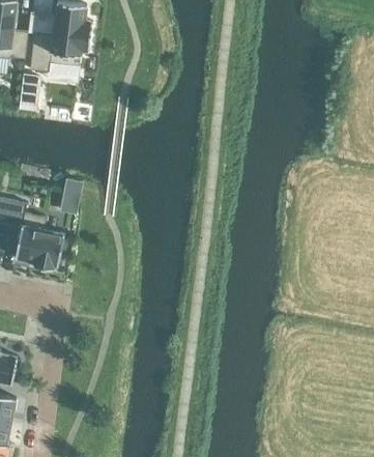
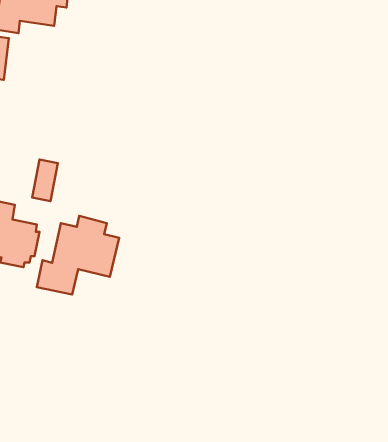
building: none -> [37,216,119,295]

